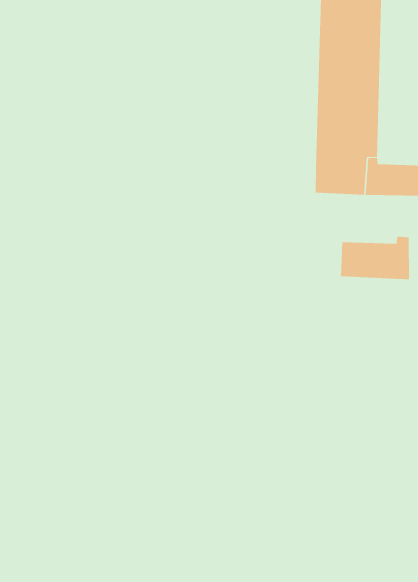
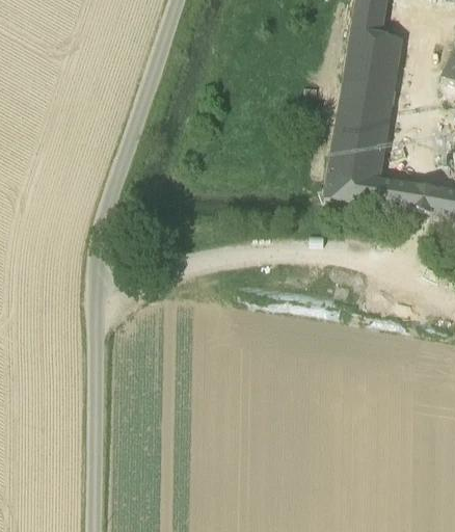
building: [341,236,410,280] -> none

